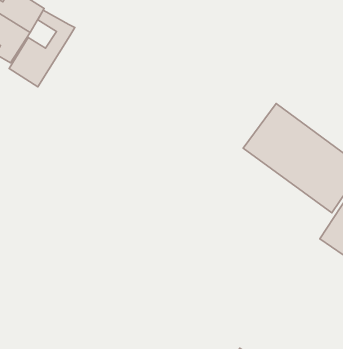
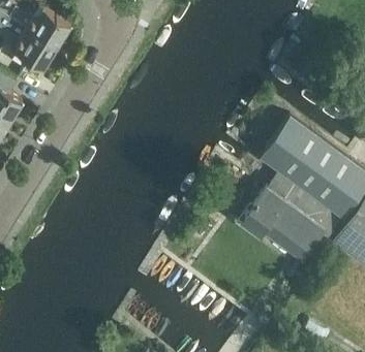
building: [9,10,75,87] -> none
building: none -> [239,171,342,261]

